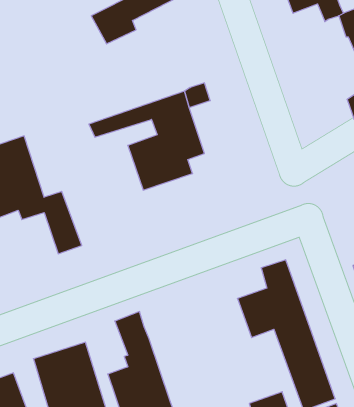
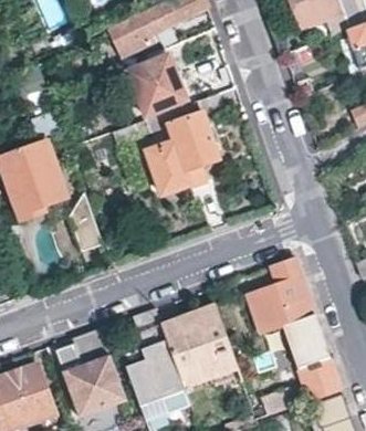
building: none -> [126,56,186,117]
building: none -> [161,304,239,391]

